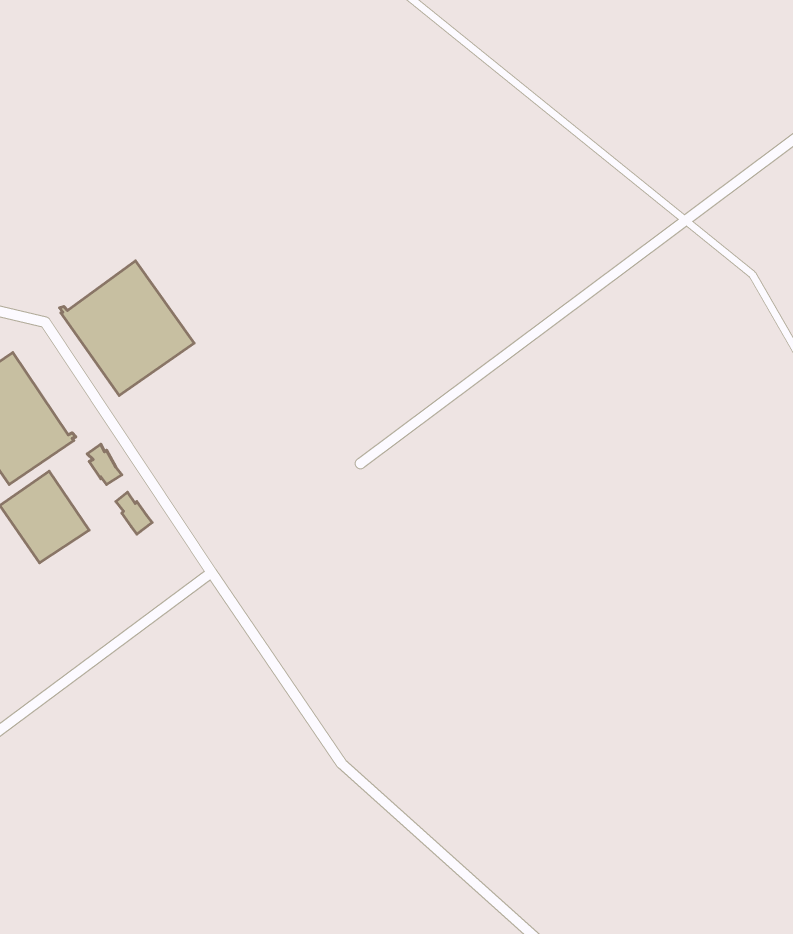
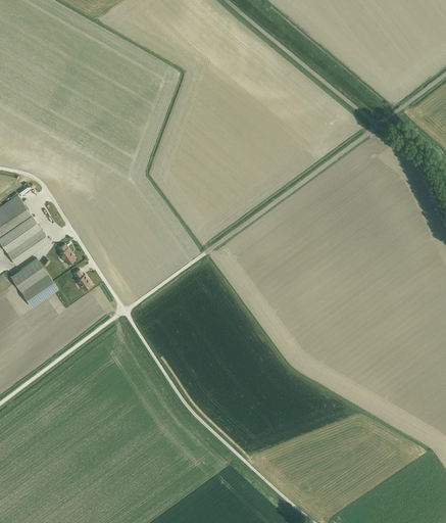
building: [59,261,194,395] -> none

